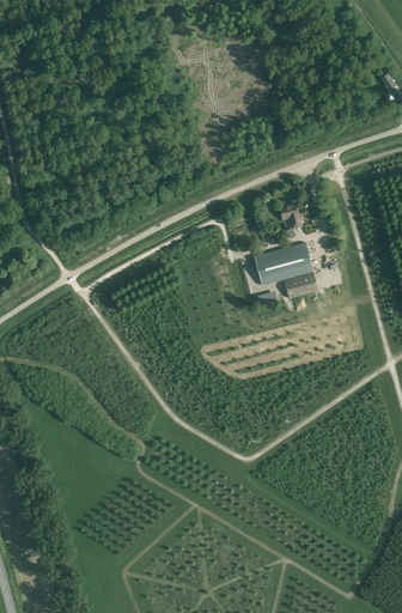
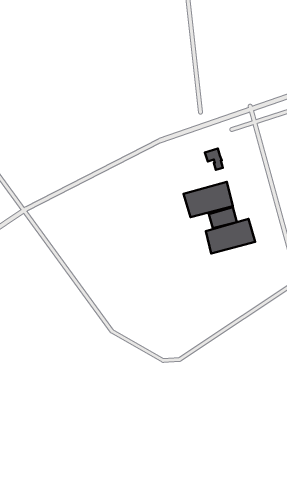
building: none -> [206,219,255,254]

